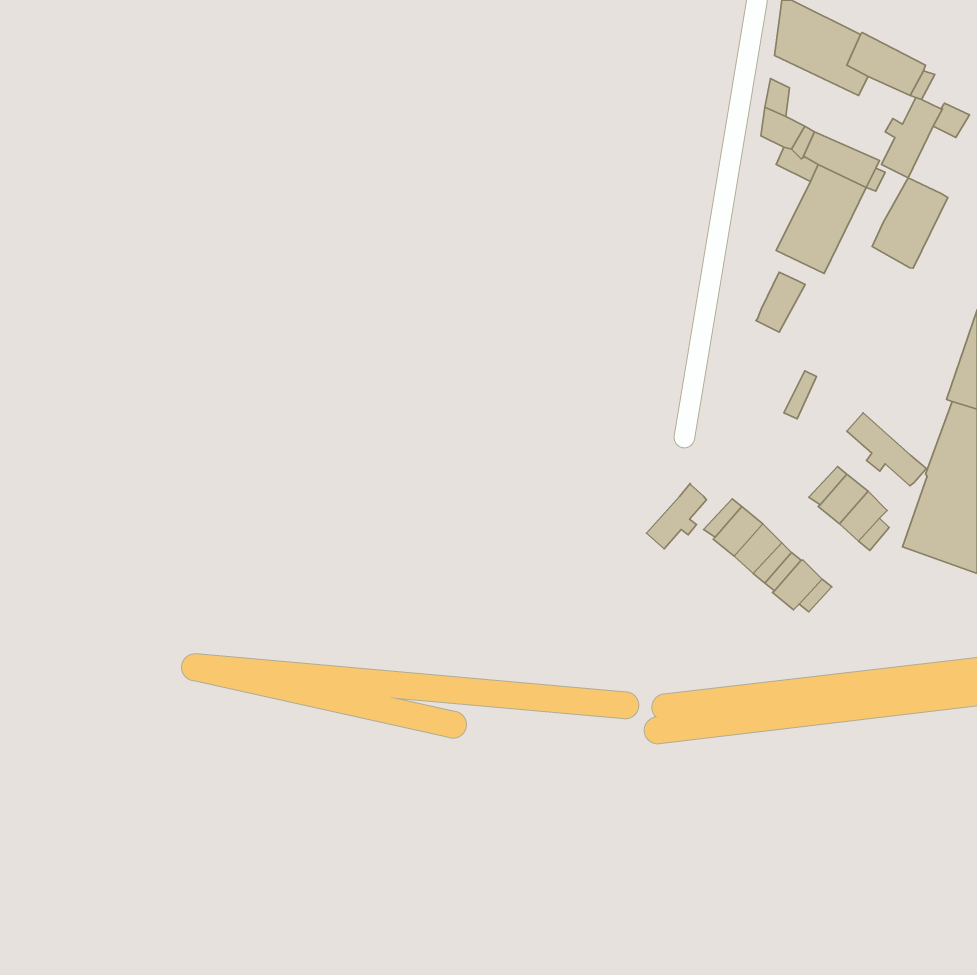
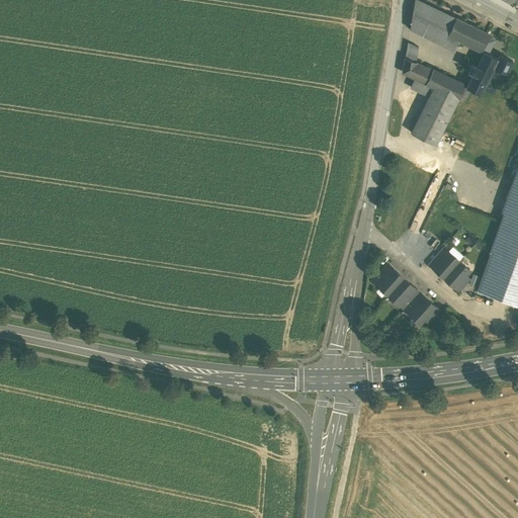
building: [872,178,948,268] -> none
building: [756,272,805,332] -> none
building: [847,413,927,486] -> none
building: [646,484,706,549] -> none

